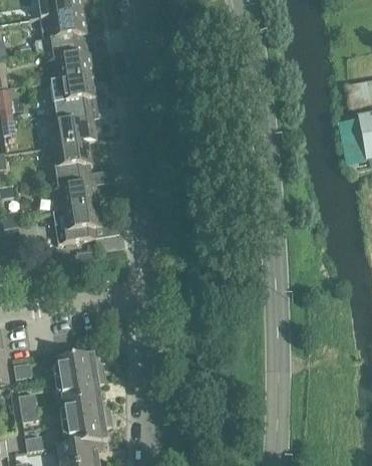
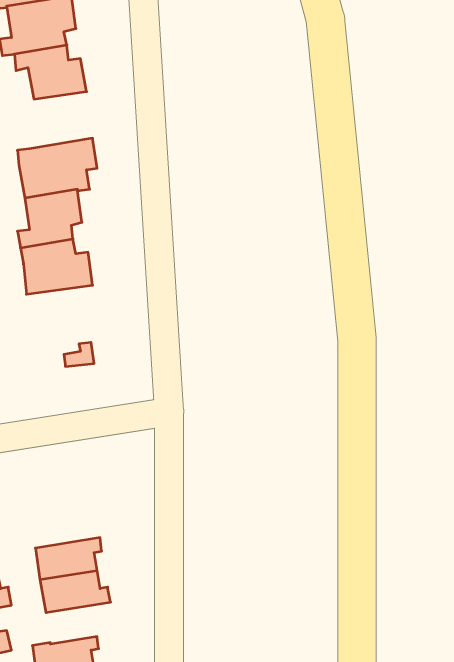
building: [50,75,98,113] -> none
building: [53,205,105,244] -> none
building: [56,353,103,381] -> none
building: [67,417,111,445] -> none

